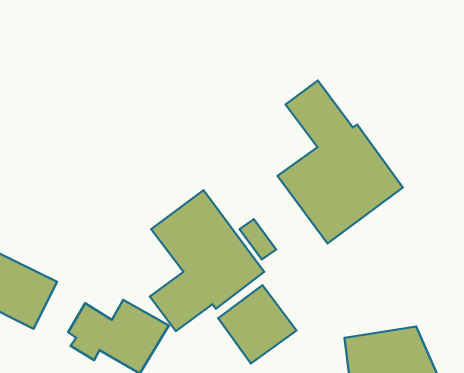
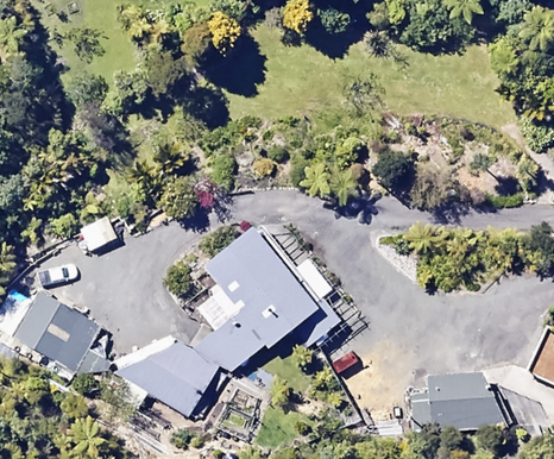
building: [277,81,403,244] -> none
building: [218,285,296,364] -> none

